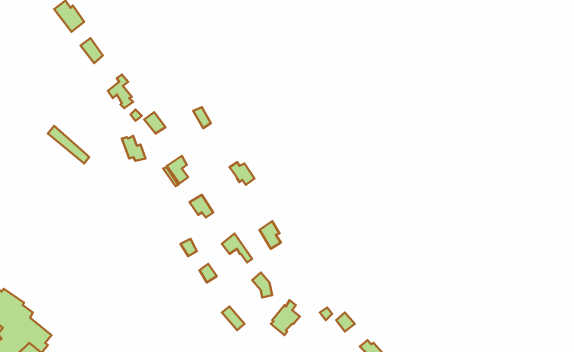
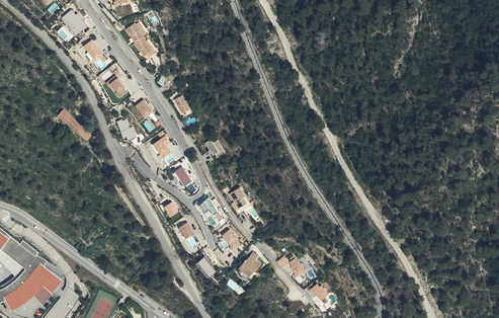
building: none -> [126,23,156,57]

